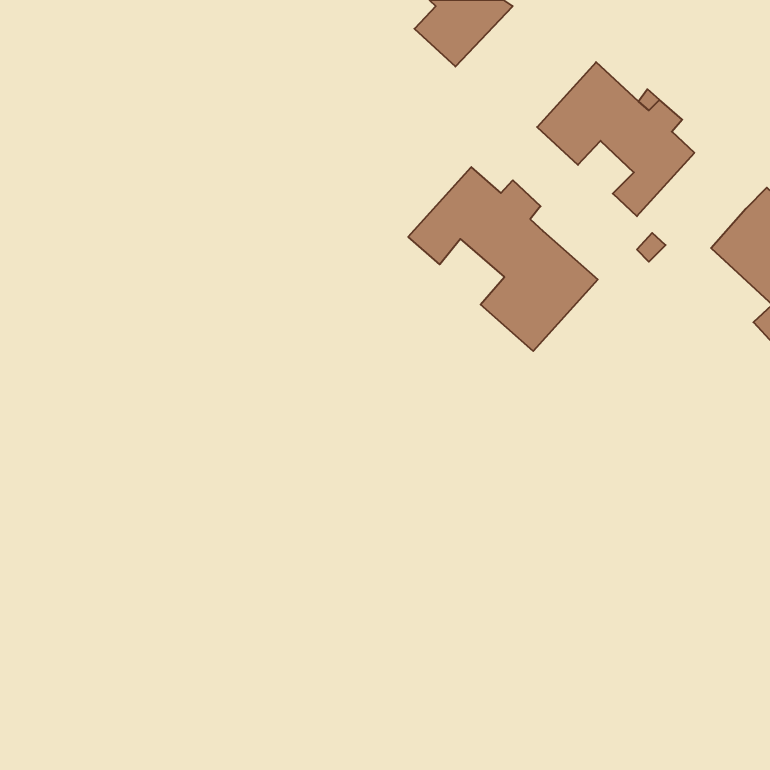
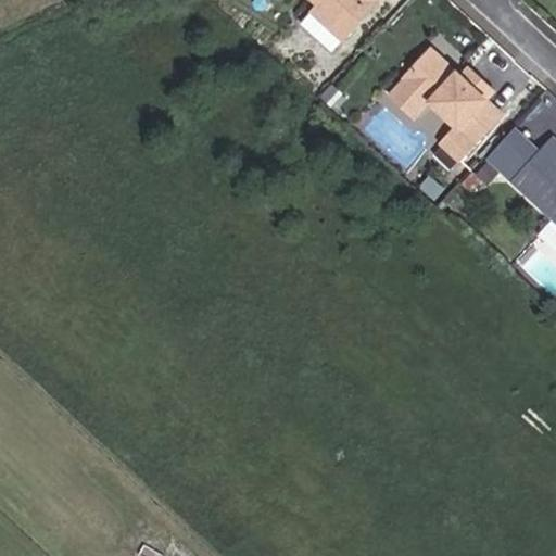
building: [408,167,598,351] -> none
building: none -> [489,130,538,180]

